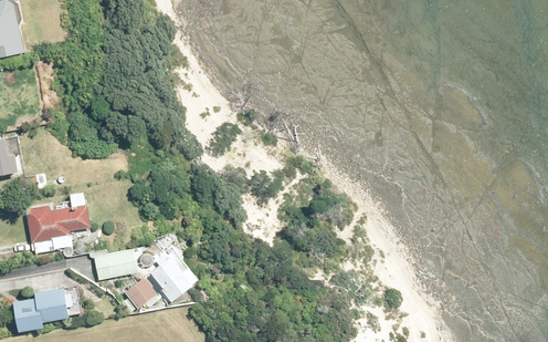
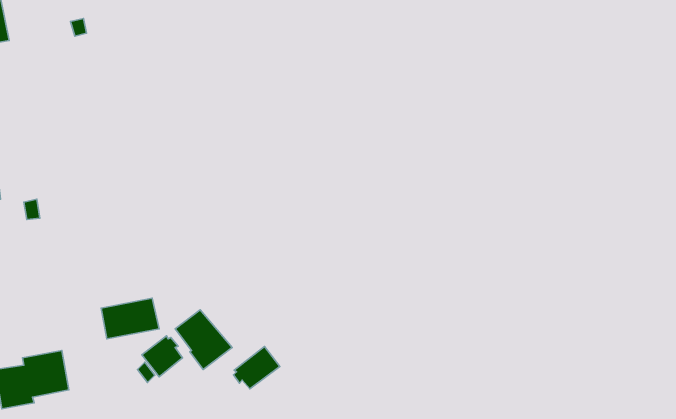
building: [25,193,91,251] -> none
building: none -> [234,346,280,389]

